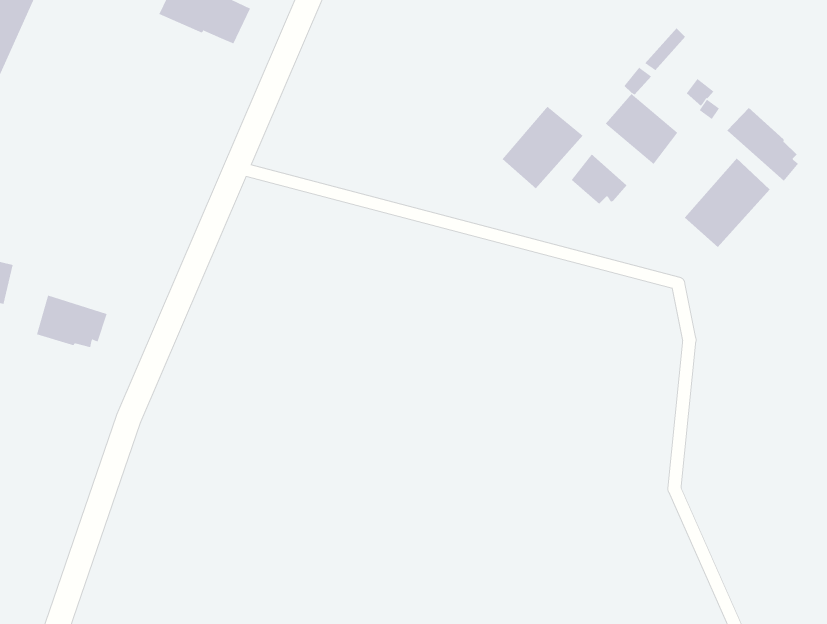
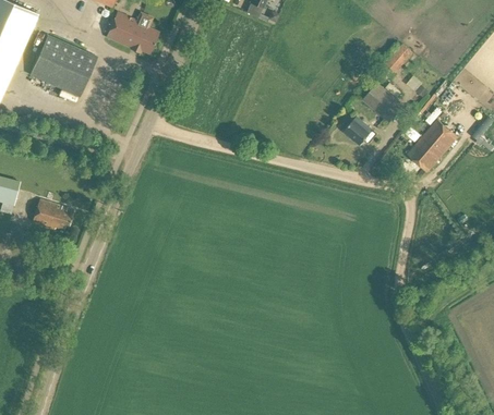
building: none -> [29,35,97,98]
building: [502,106,583,189] -> none
building: [726,107,799,181] -> none

